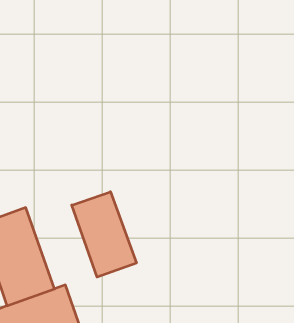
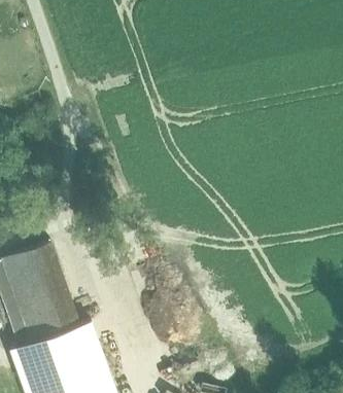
building: [72,192,136,277] -> none

